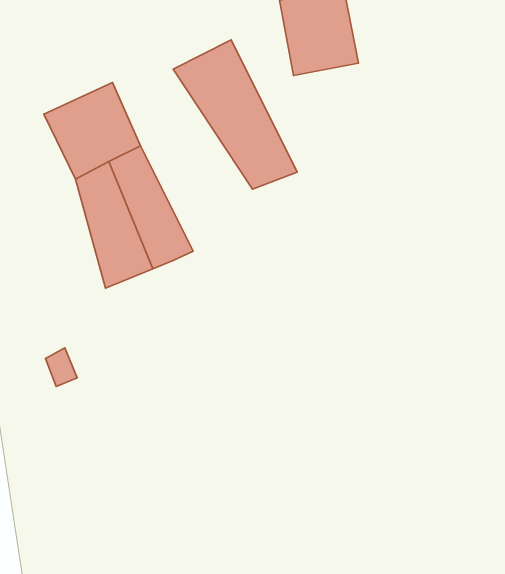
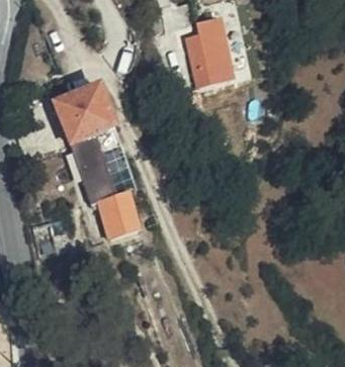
building: [173,40,297,189] -> none
building: none -> [82,184,142,241]

